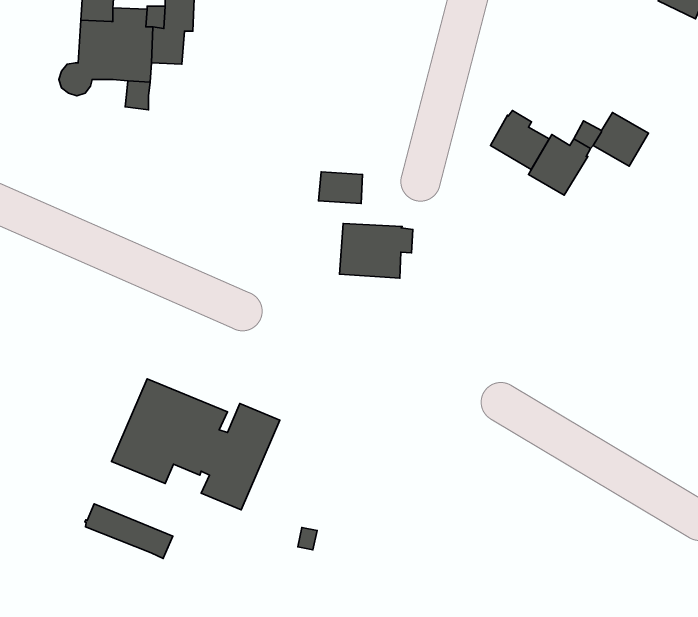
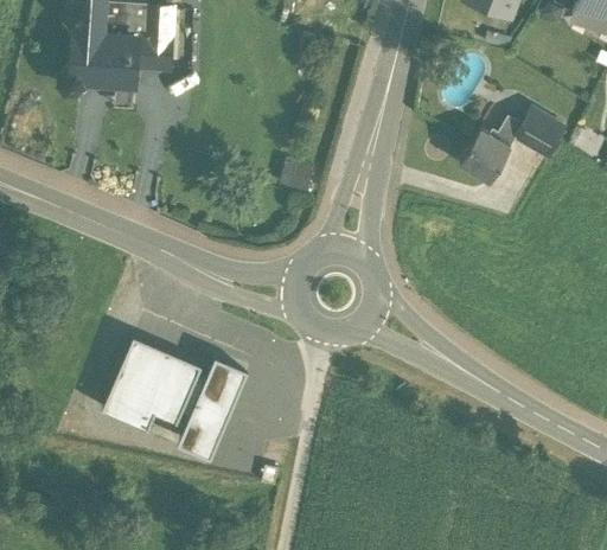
building: [491,111,549,170] -> none
building: [340,223,413,278] -> none
building: [85,504,173,558] -> none

